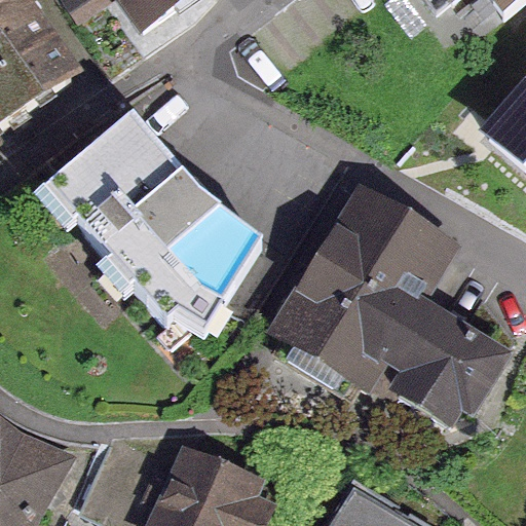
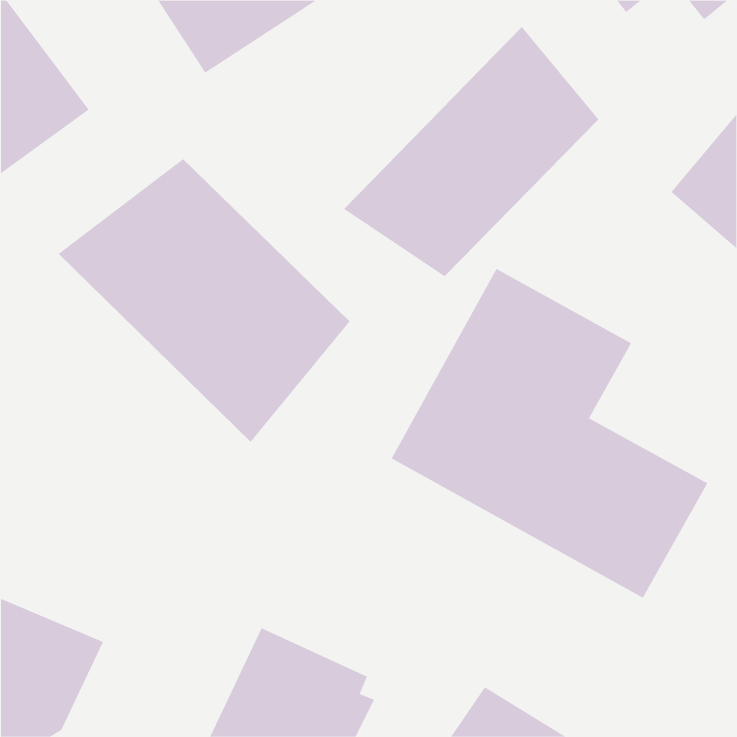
building: none -> [343,26,599,277]

